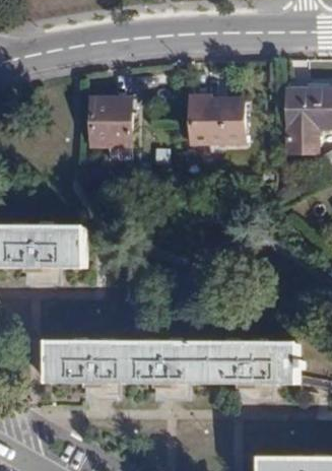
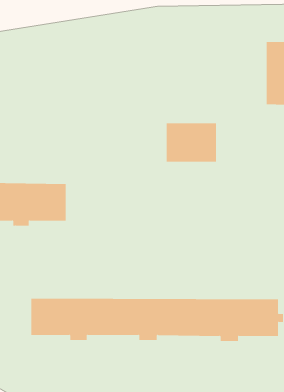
building: [93,97,133,142] -> none
building: [192,105,244,144] -> [166,123,217,162]

